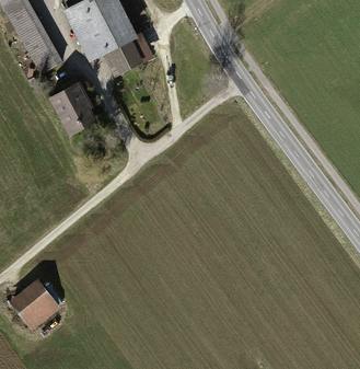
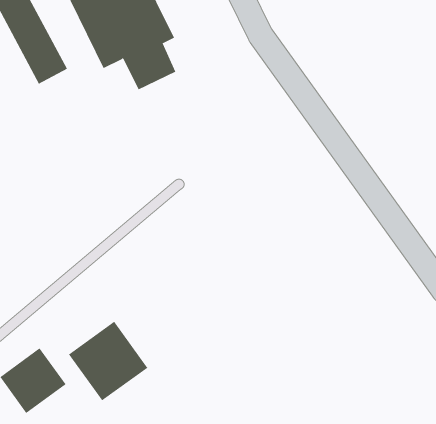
building: [48,80,97,136] -> none
building: none -> [68,321,148,401]

